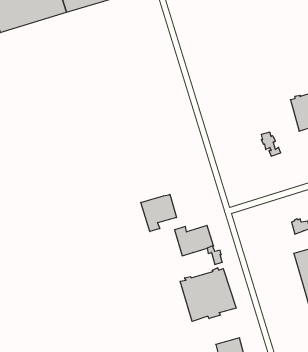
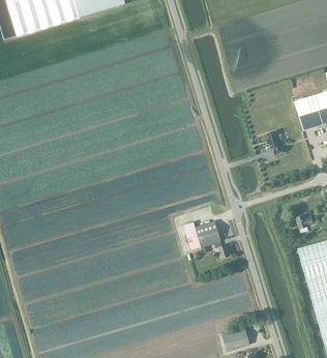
building: [141,194,176,232] -> none
building: [180,268,236,321] -> none

